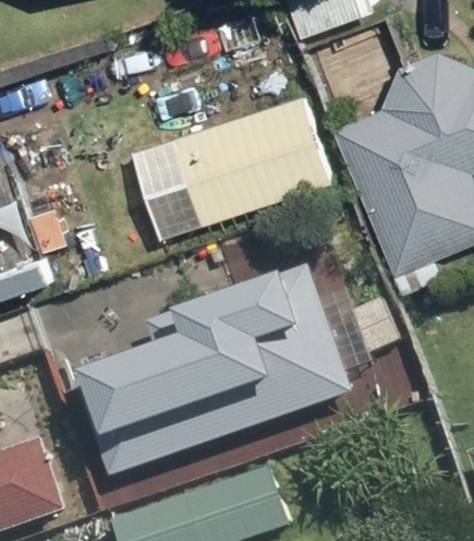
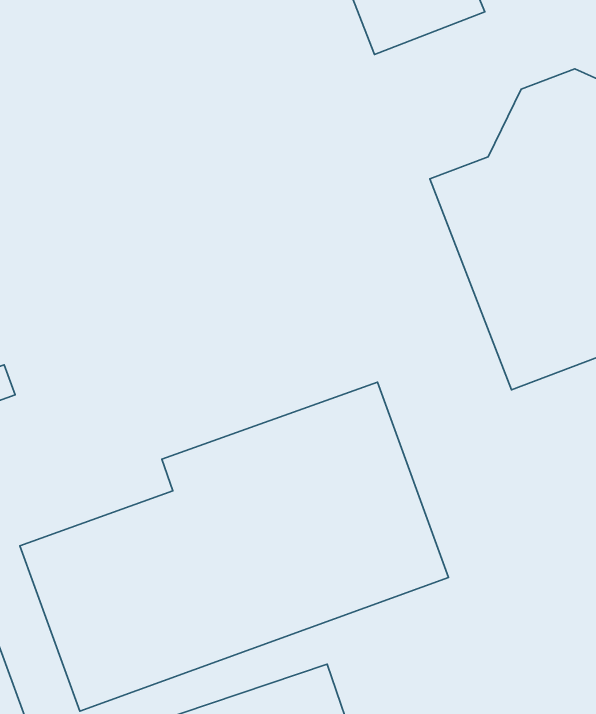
building: [165,88,335,226] -> none

